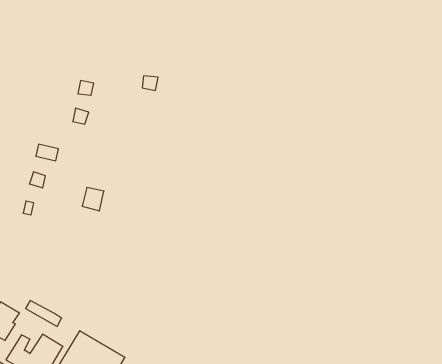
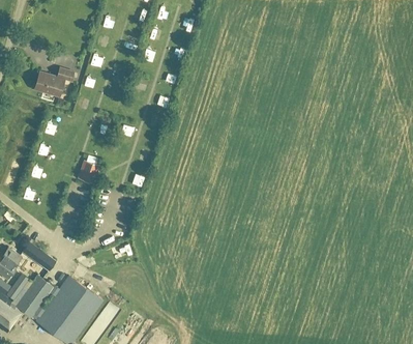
building: none -> [33,68,73,97]

